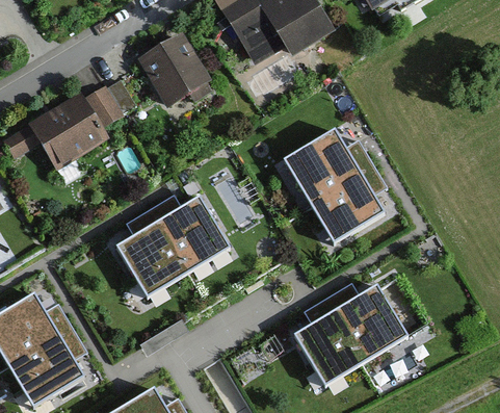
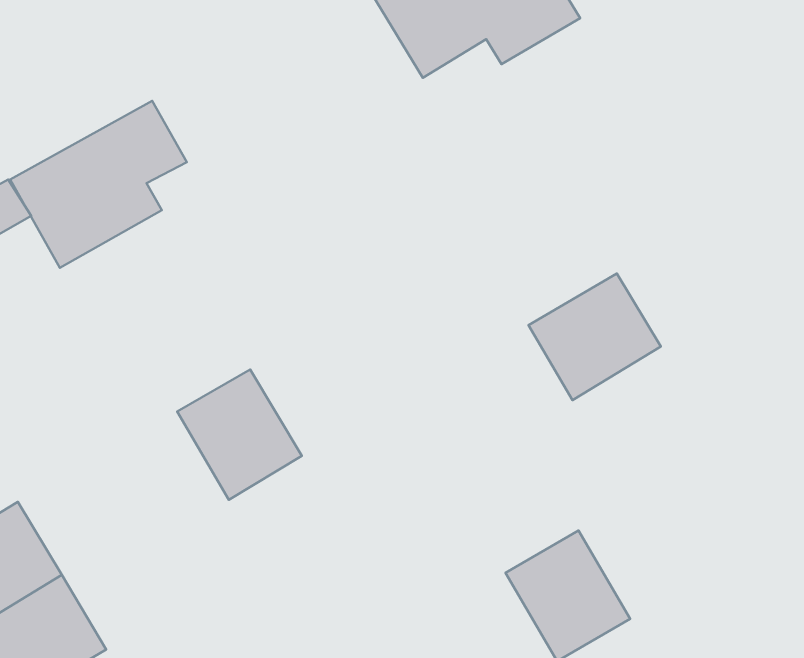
building: [139,30,213,106] -> none
building: [286,131,358,200] -> none
building: [159,200,227,270] -> none
building: [337,287,404,359] -> none

